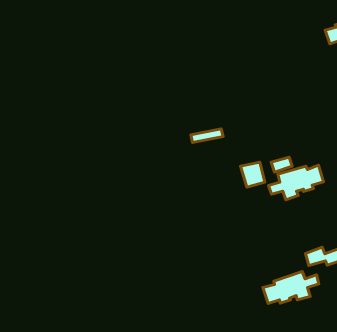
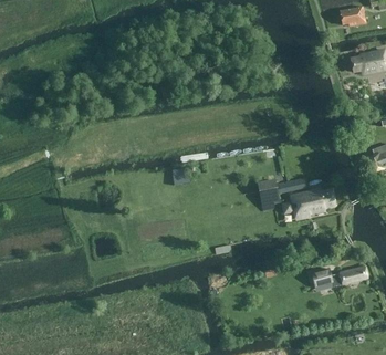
building: [263,271,319,304] -> none

